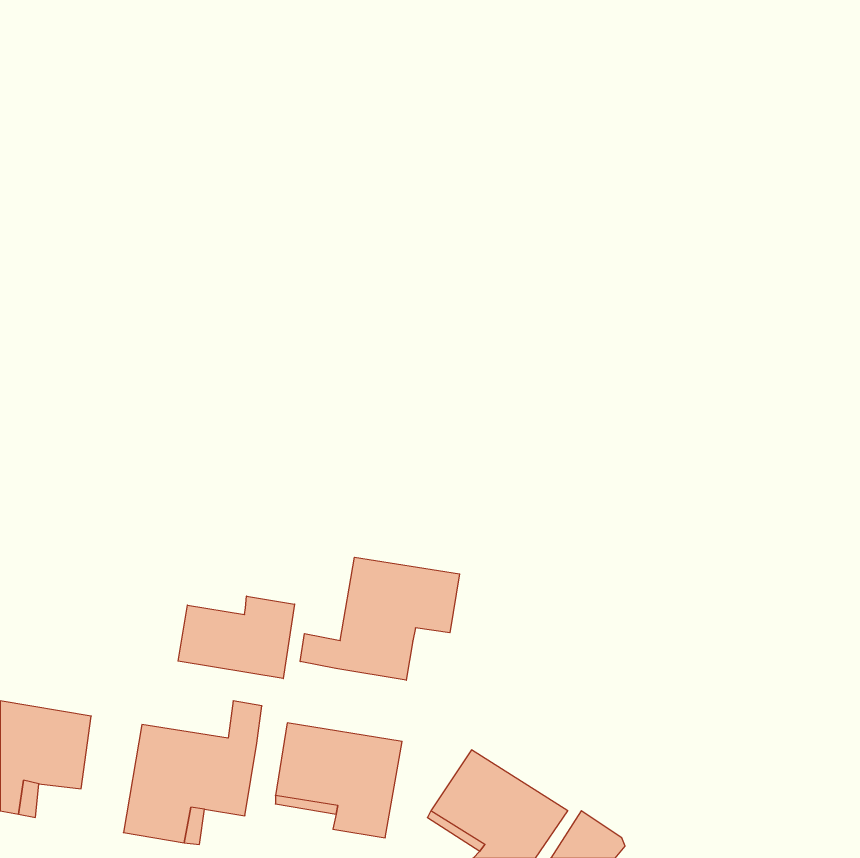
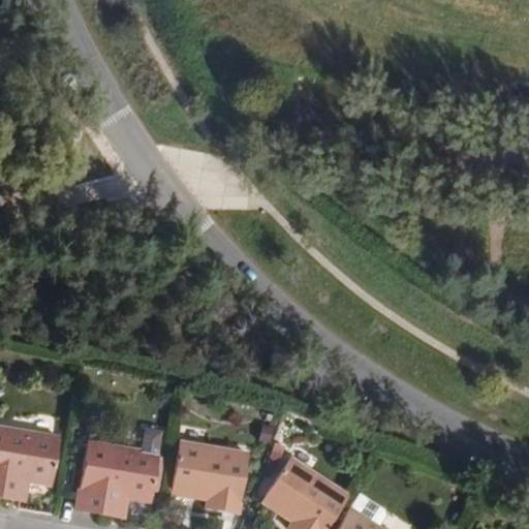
building: [300,557,460,680] -> none
building: [178,596,295,679] -> none

